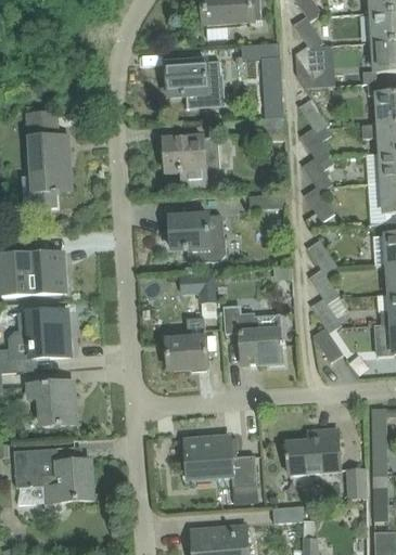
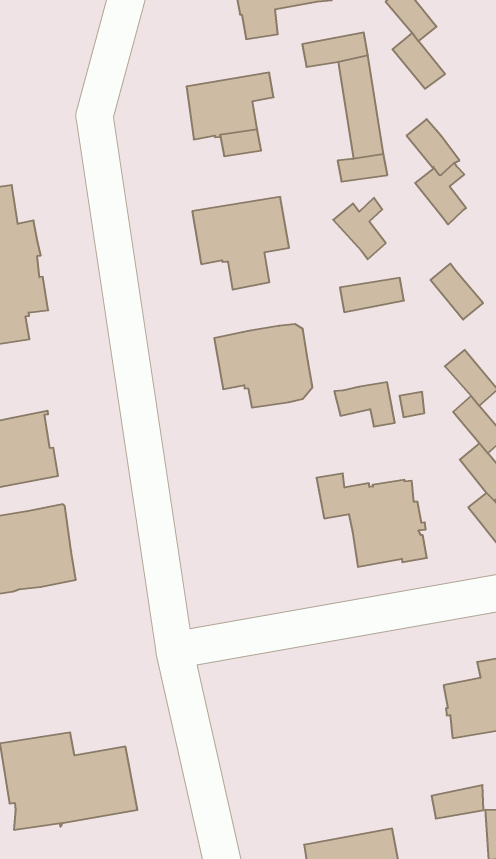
building: [302,156,332,193] -> [333,198,386,259]
building: [180,275,215,301] -> [334,382,395,427]
building: [167,318,208,371] -> none
building: [28,382,76,427] -> none
building: [184,437,258,504] -> none

